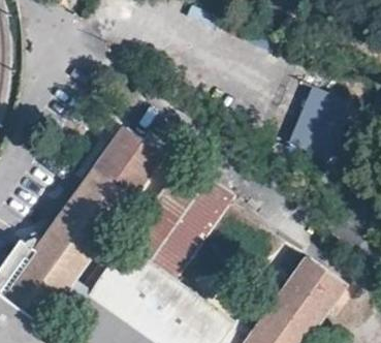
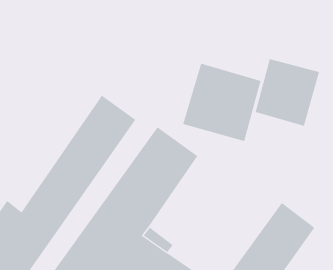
building: none -> [183,63,261,142]

